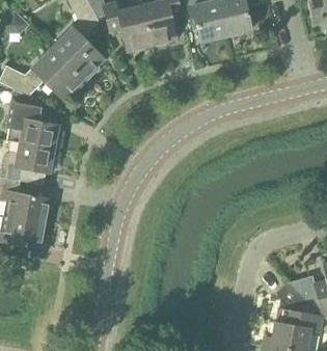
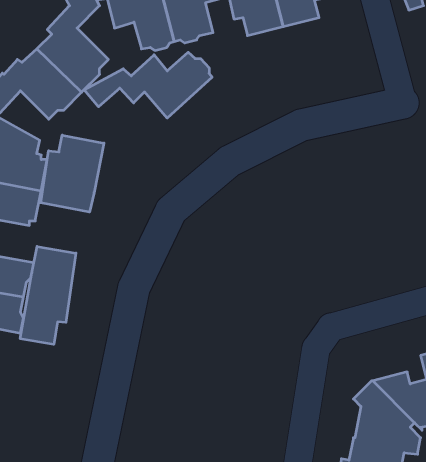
building: none -> [84,52,212,118]
building: none -> [41,135,104,212]
building: none -> [20,246,76,344]

